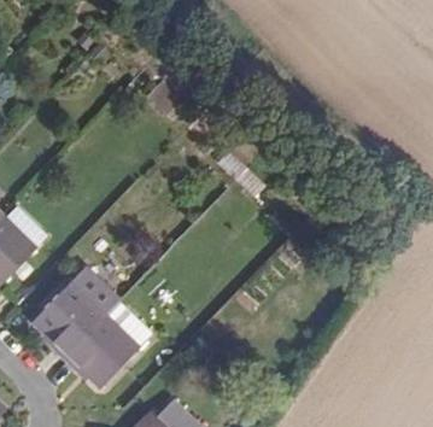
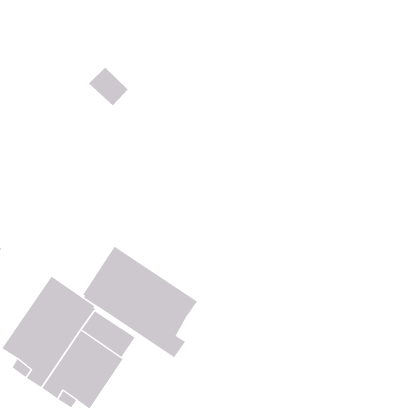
building: none -> [82,246,198,358]

